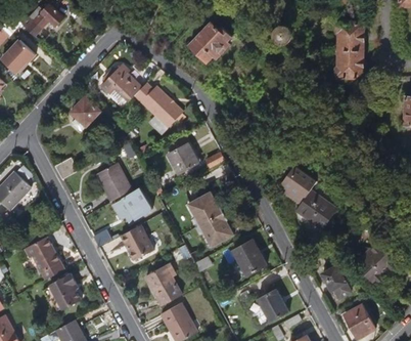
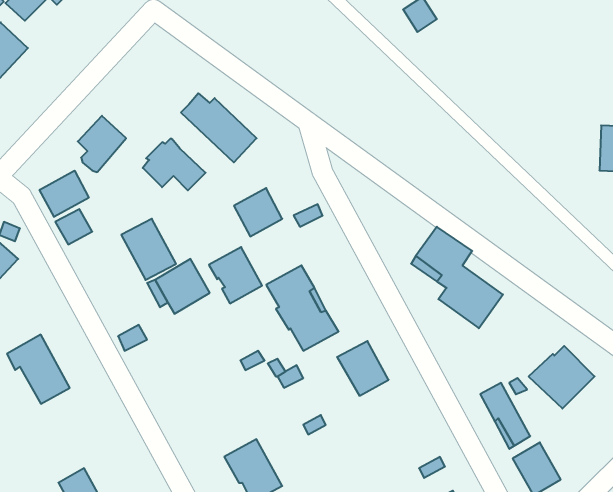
building: [335,27,360,83] -> none
building: [180,29,227,70] -> none
building: [99,67,139,99] -> [143,139,206,190]
building: none -> [40,171,89,217]
building: [121,222,154,258] -> [209,247,262,303]
building: [146,264,181,304] -> none
building: [49,272,81,308] -> none
building: [259,287,289,321] -> none

